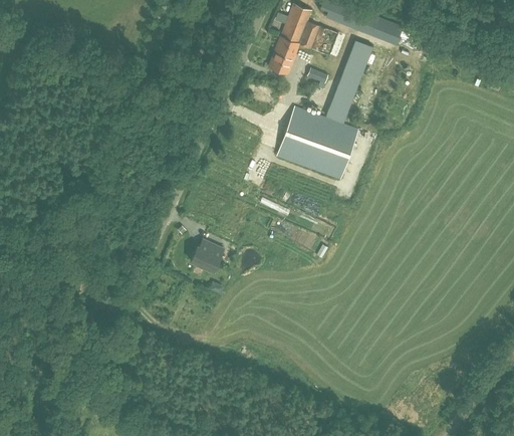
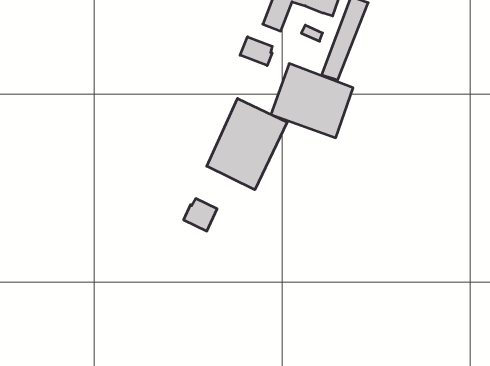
building: none -> [240,37,272,66]
building: none -> [207,98,287,190]

